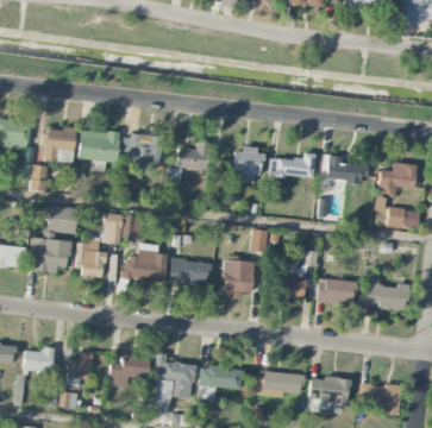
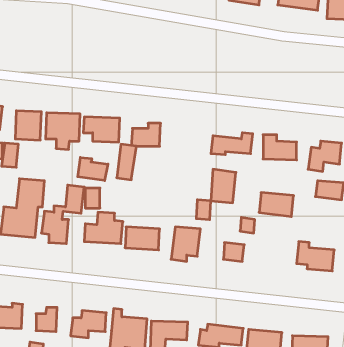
building: [232,146,261,184] -> [211,169,236,203]
building: none -> [78,157,108,181]
building: [317,277,356,304] -> [259,193,294,217]

